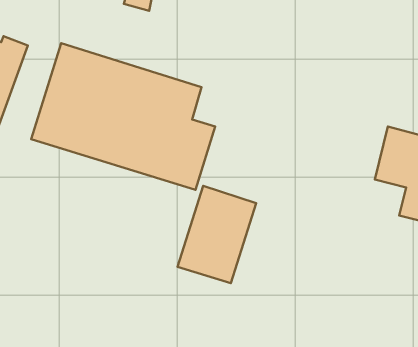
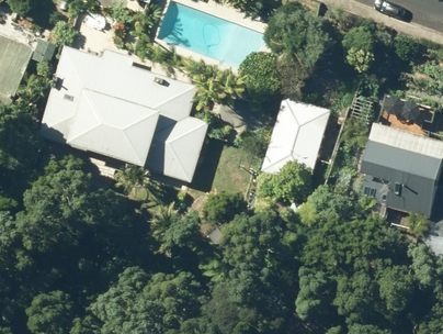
building: [178,186,256,283] -> [258,90,332,182]

